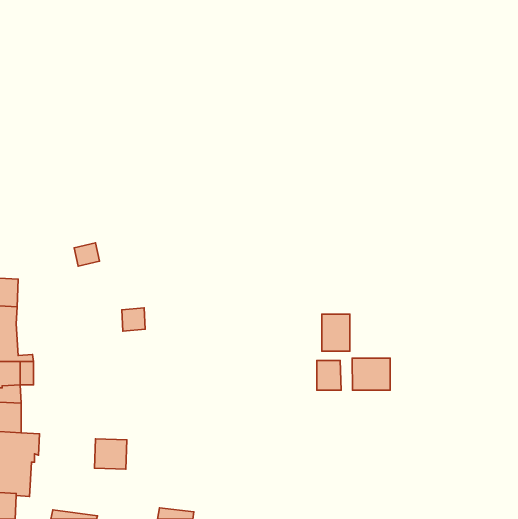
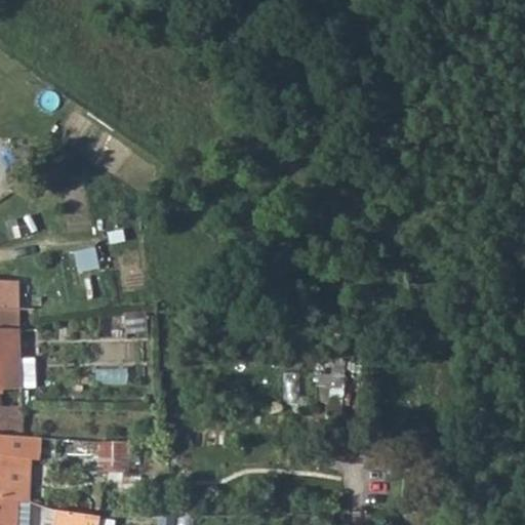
building: [322,314,350,351] -> none
building: [352,358,390,390] -> none

